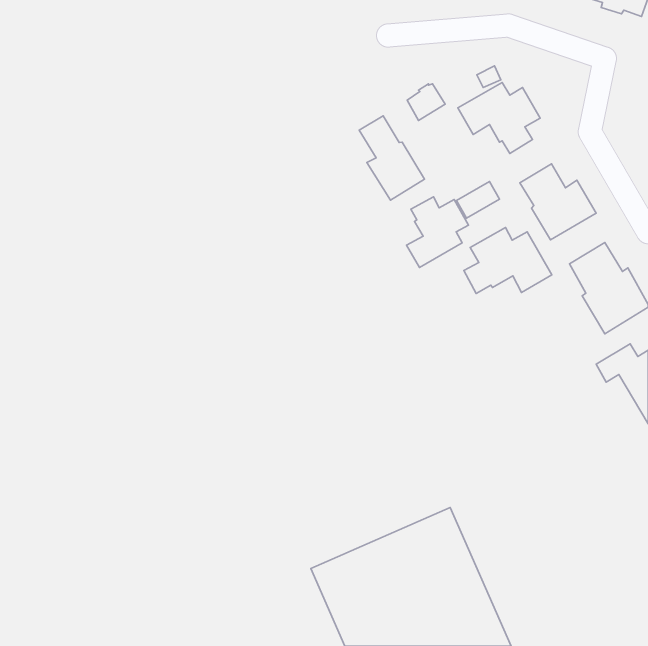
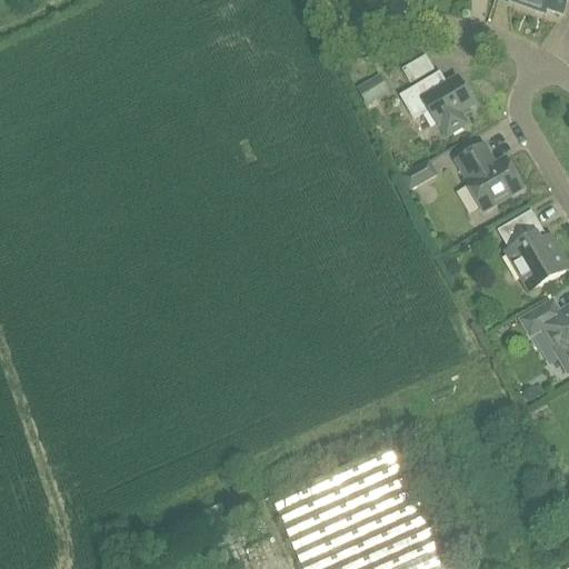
building: [359,116,424,200] -> none
building: [407,197,469,267] -> none
building: [464,227,552,294] -> none

